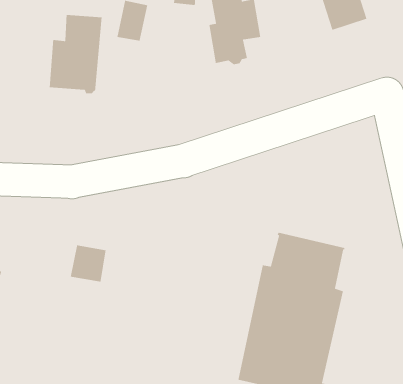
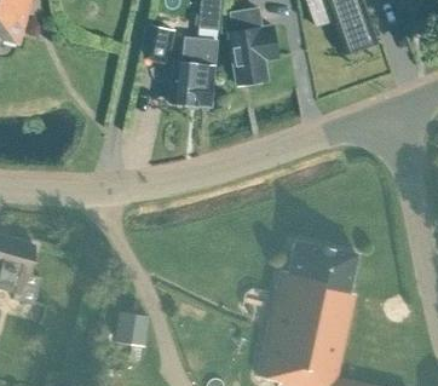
building: [49,14,103,94] -> [168,36,218,110]
building: [70,244,107,283] -> [114,310,148,345]

